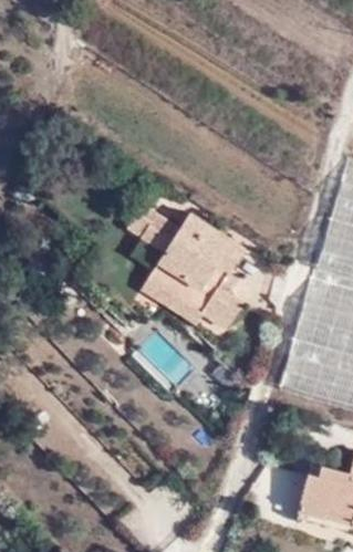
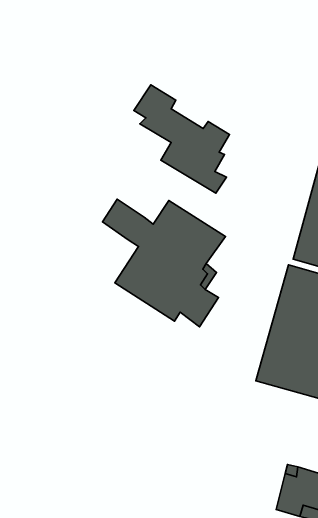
building: none -> [134,85,229,193]

